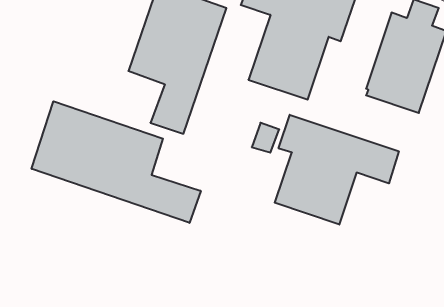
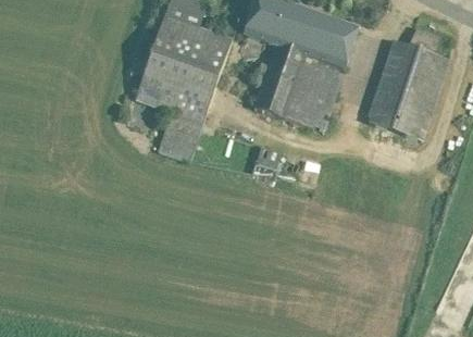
building: [32,101,201,223] -> none
building: [275,115,399,225] -> none

